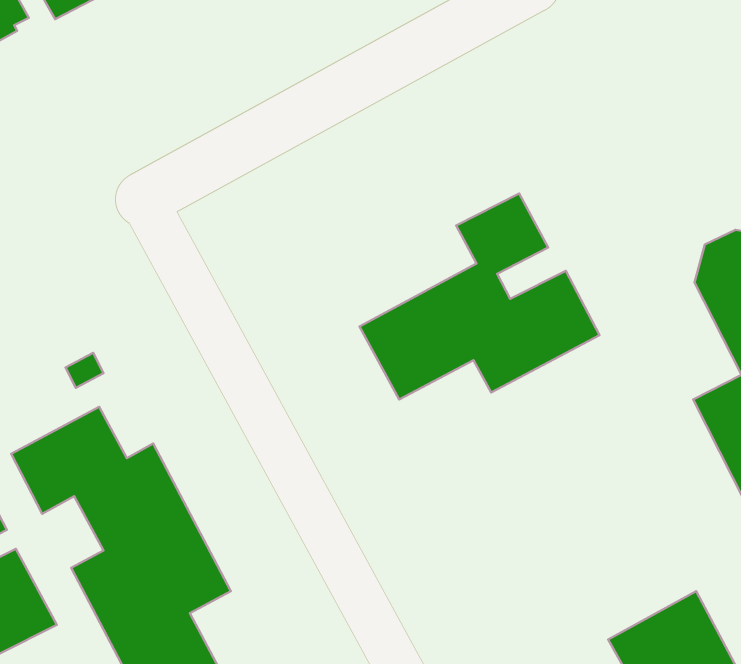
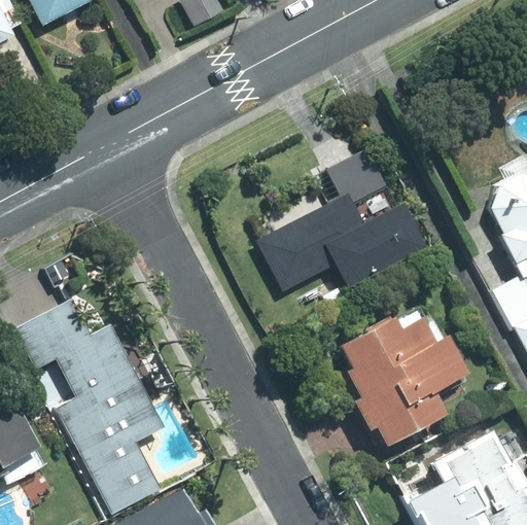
building: none -> [338,315,468,450]

